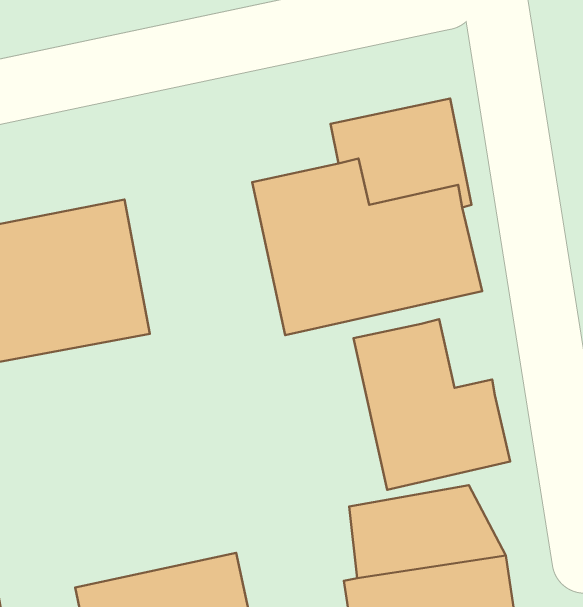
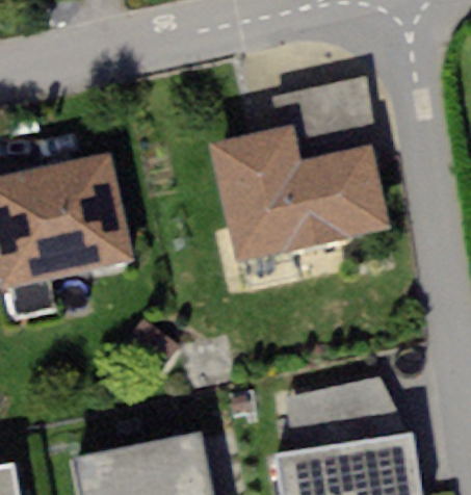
building: [353,319,510,490] -> none

